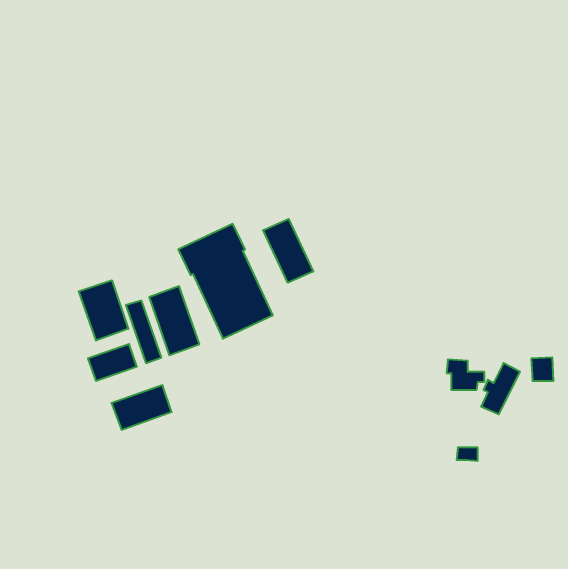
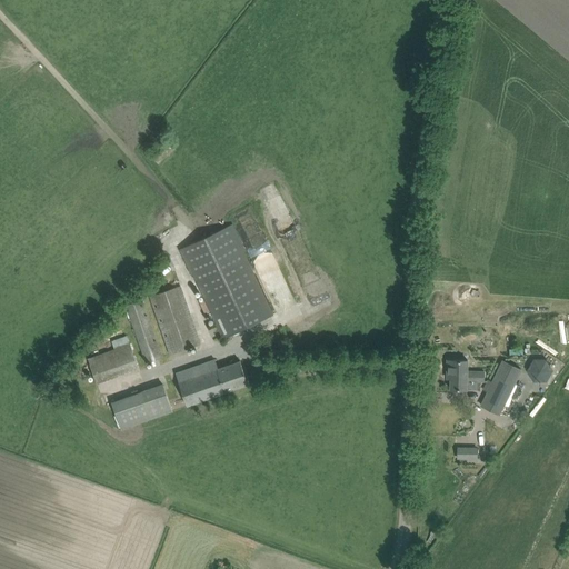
building: [263,219,313,283] -> none
building: [79,280,128,341] -> none
building: none -> [178,361,248,406]

